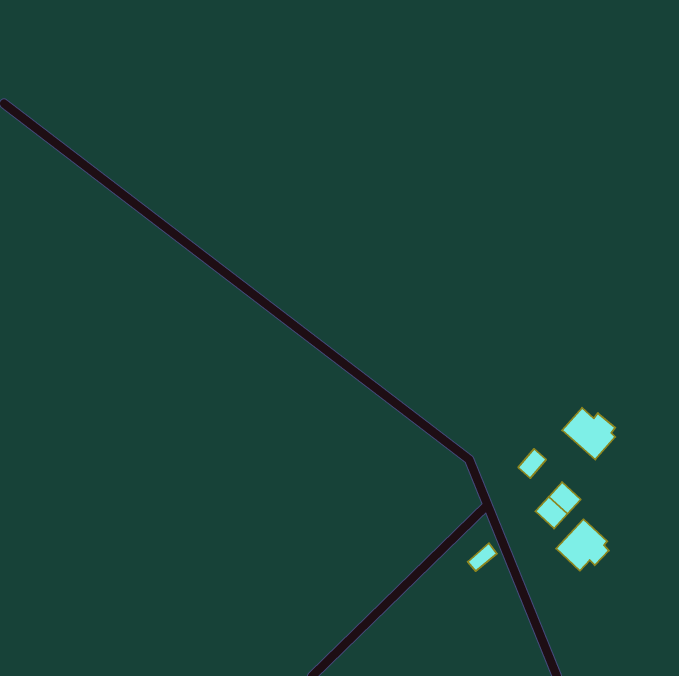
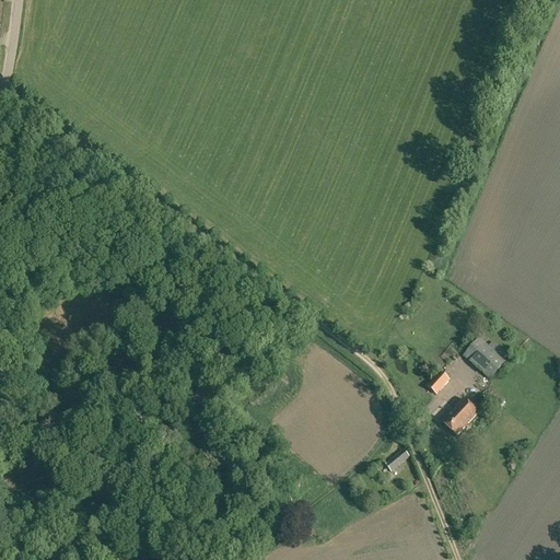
building: [556,519,609,571] -> none

